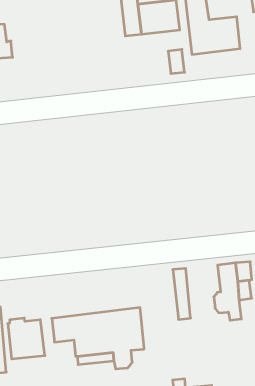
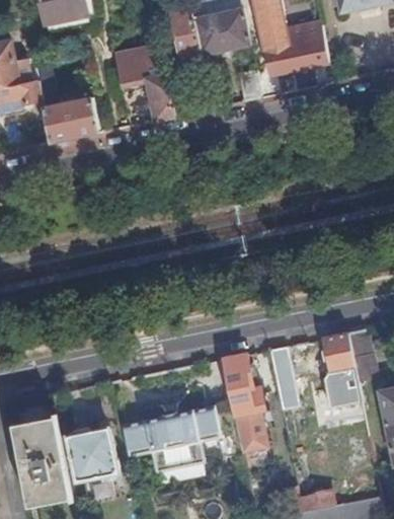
building: none -> [113,53,172,122]
building: none -> [33,61,100,143]
building: none -> [223,353,266,451]

